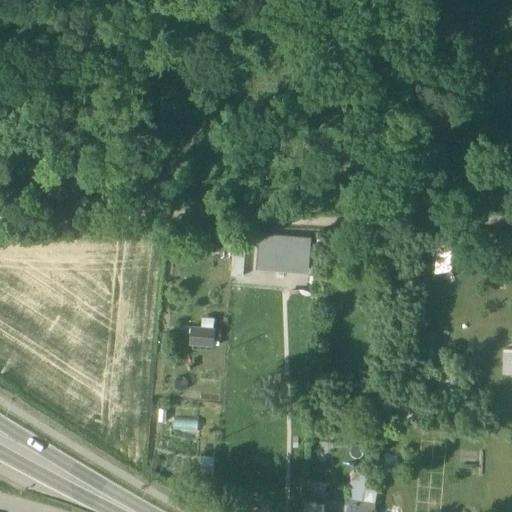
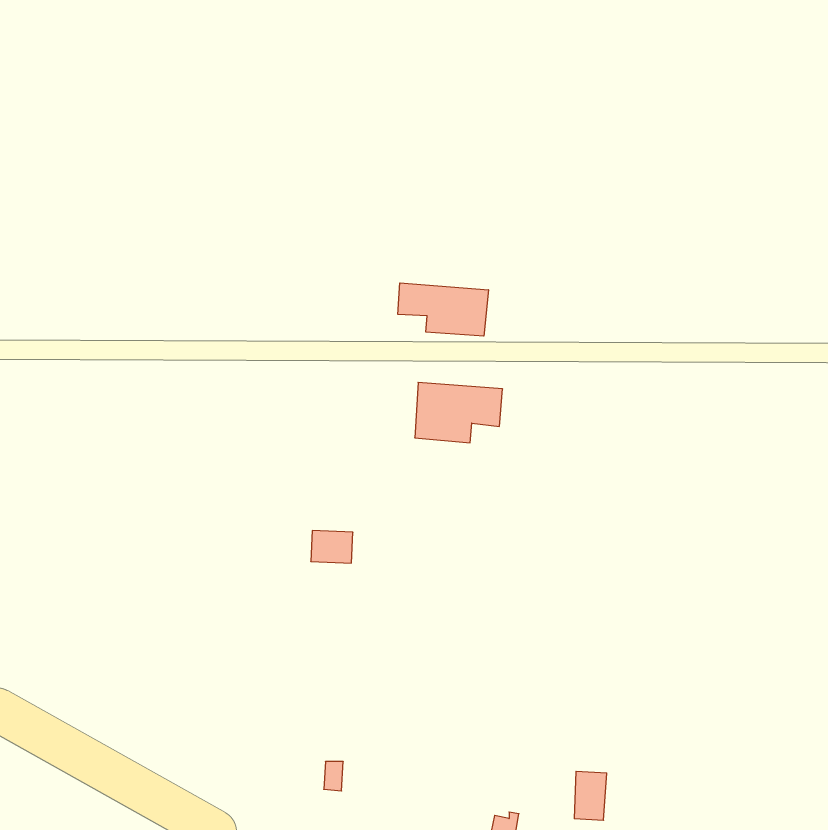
building: none -> [398,283,488,336]

